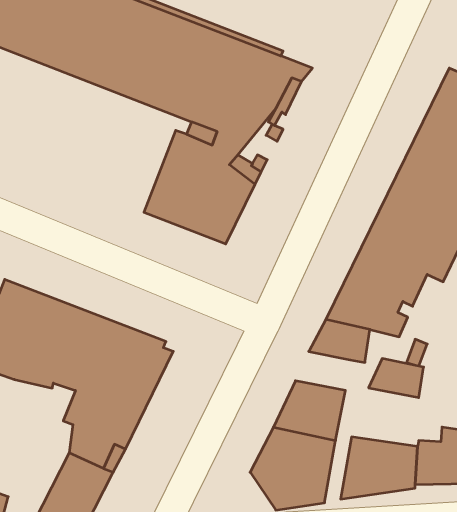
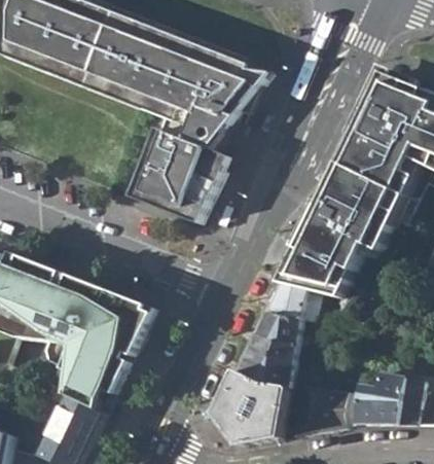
building: [369,359,424,398] -> [254,313,300,346]

